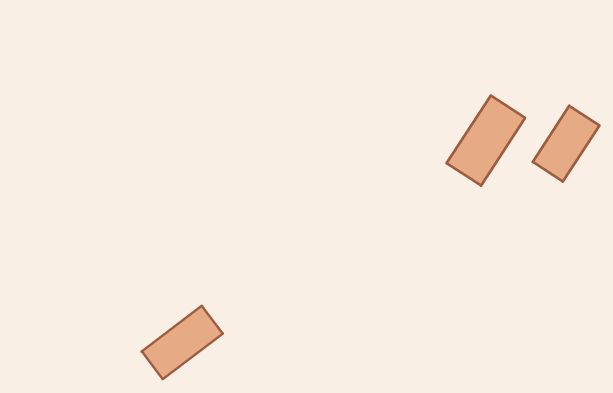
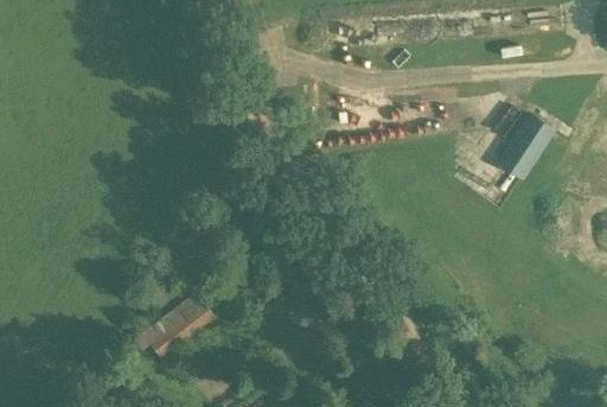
building: [447,96,525,186] -> none

